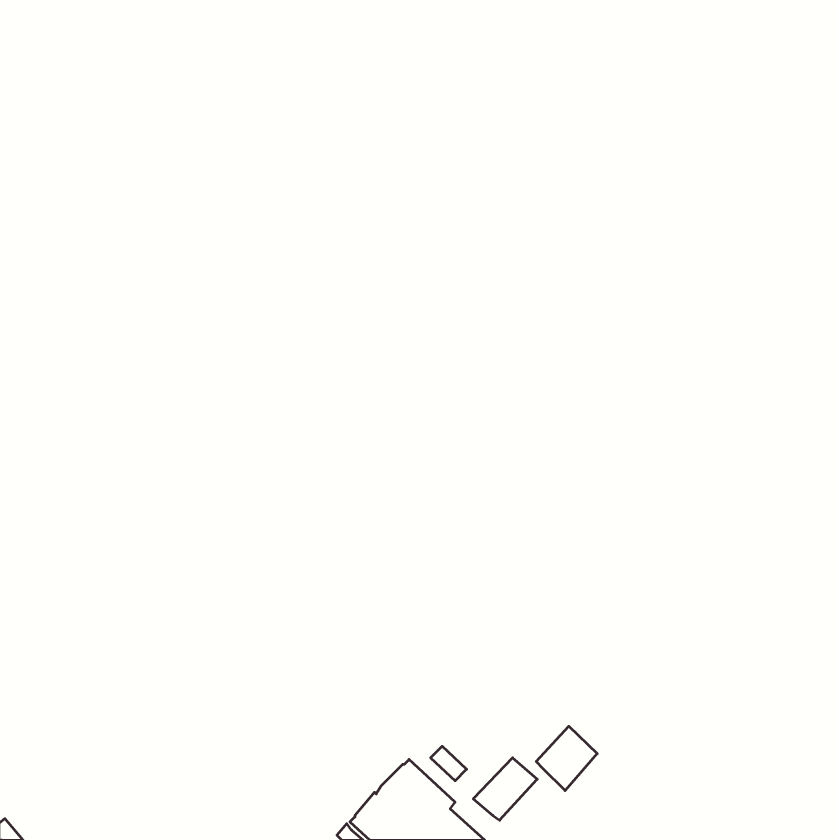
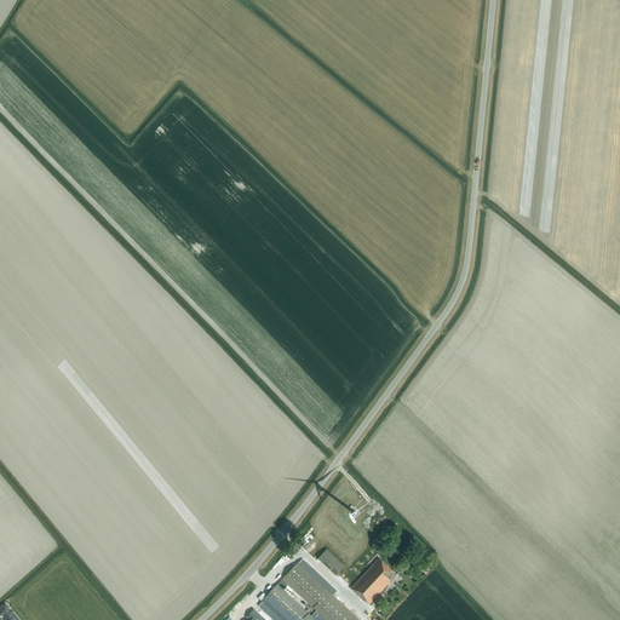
building: [536,726,597,791] -> none

